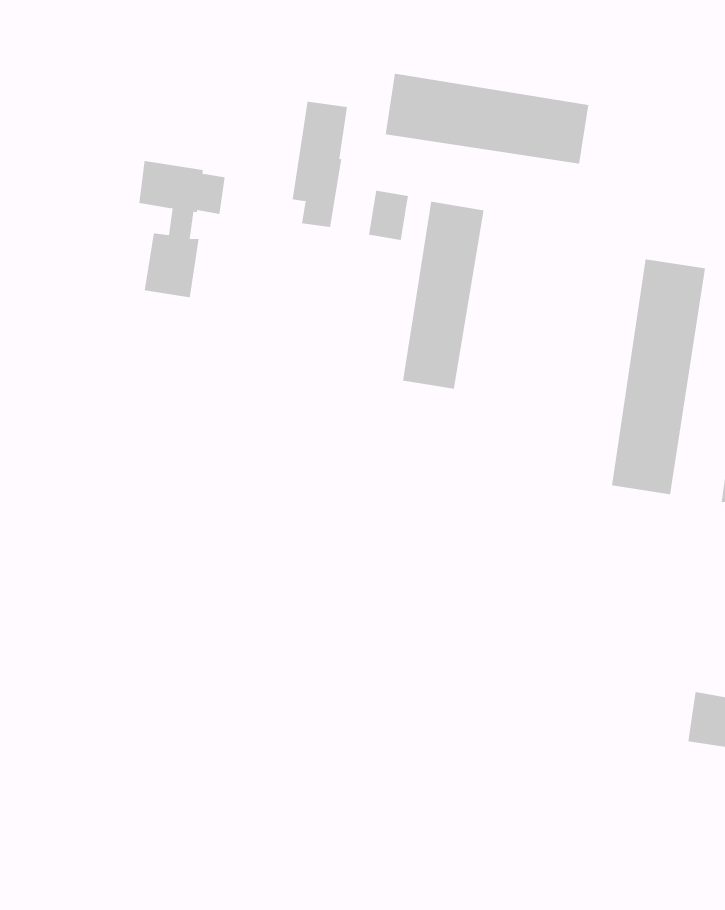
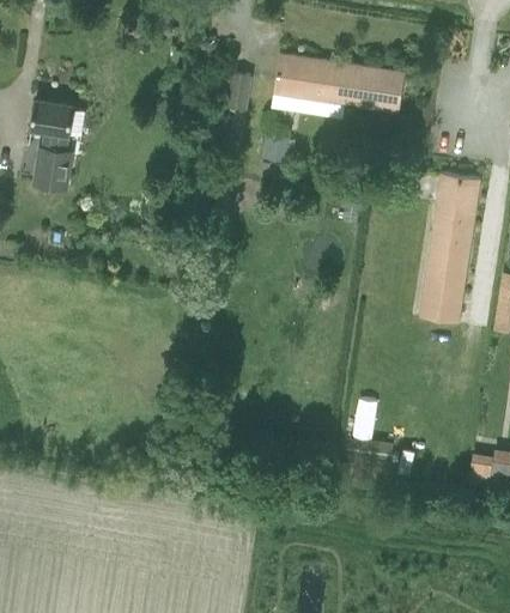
building: [138,161,226,298] -> [31,101,87,189]
building: [403,201,484,390] -> none

